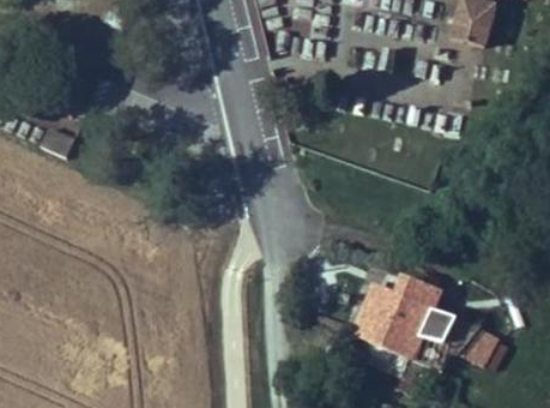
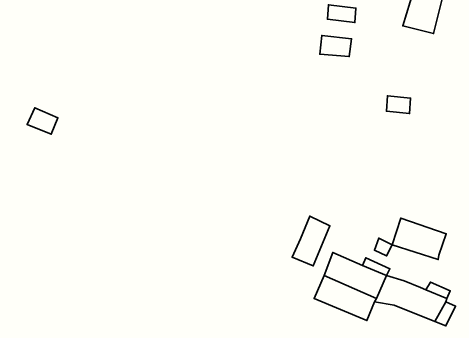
building: none -> [292,216,330,266]
building: none -> [392,218,446,259]

